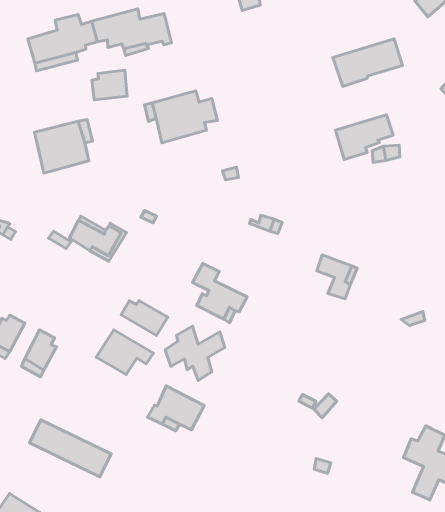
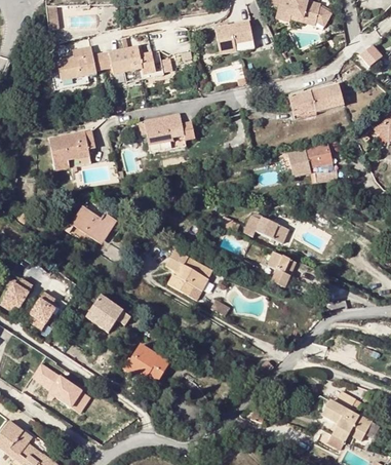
building: [92,70,127,100] -> none
building: none -> [244,215,288,242]
building: [121,300,168,336] -> none
building: [165,326,225,380] -> none

